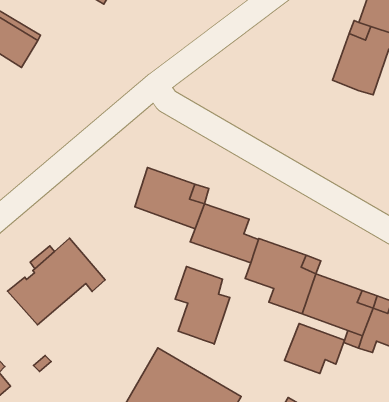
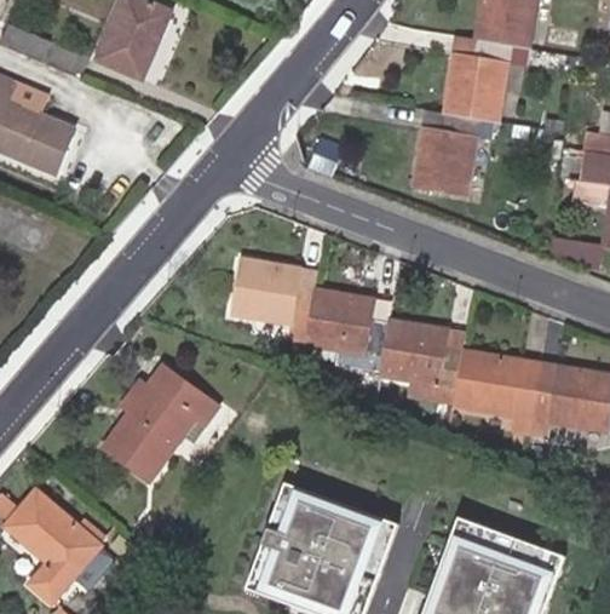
building: none -> [413,115,479,199]
building: [175,266,230,344] -> none
building: [285,324,344,374] -> none

